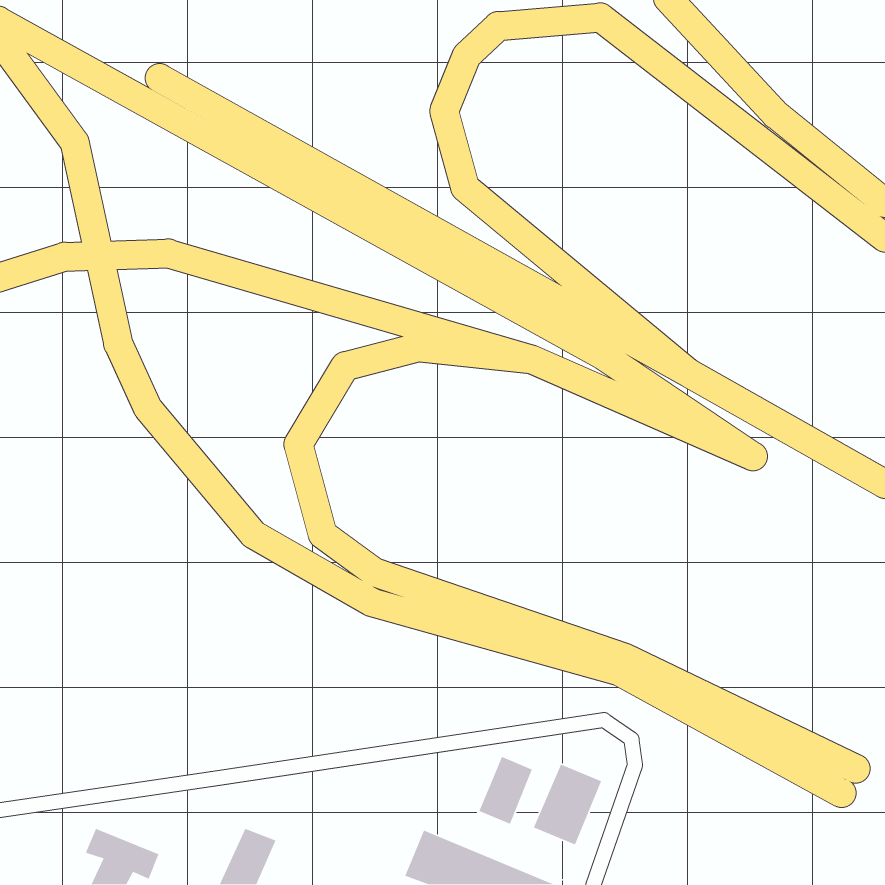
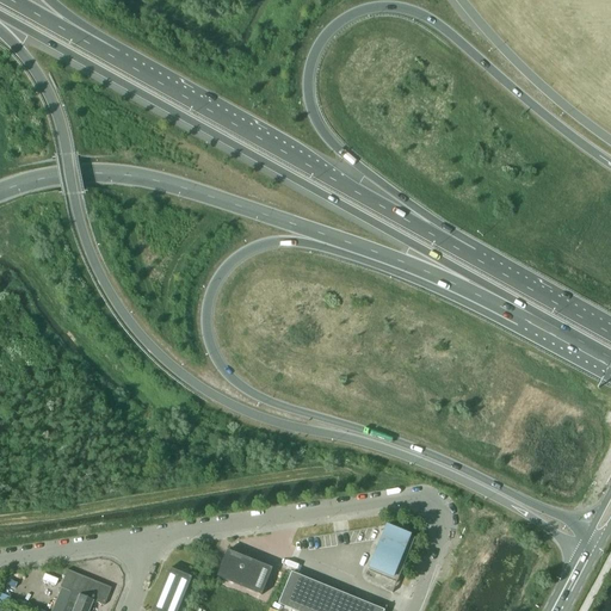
building: [473,756,533,825] -> none
building: none -> [216,549,272,594]

